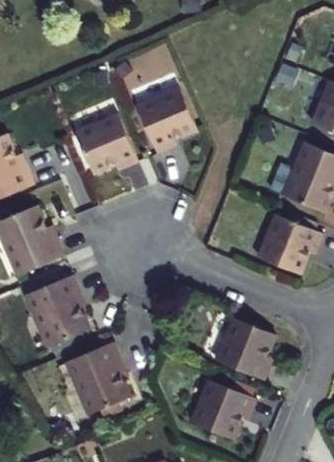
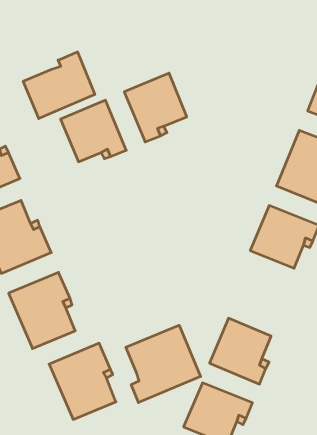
building: none -> [23,52,95,119]
building: none -> [126,325,201,403]

